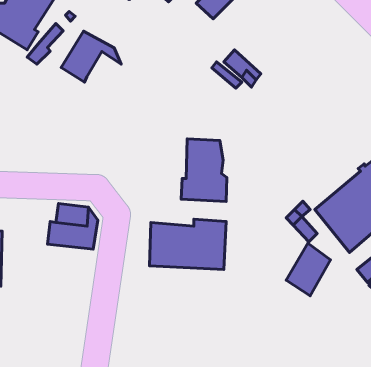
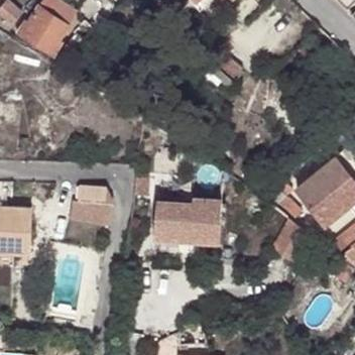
building: [61,31,121,82] -> none
building: [181,139,227,201] -> none

